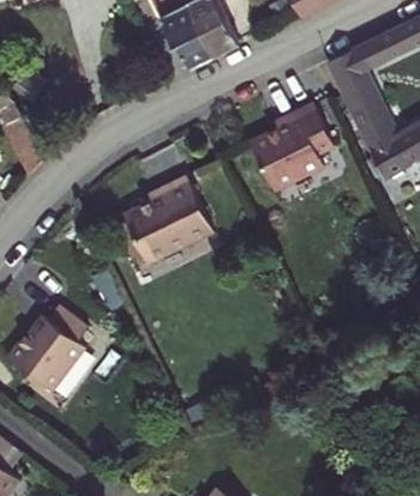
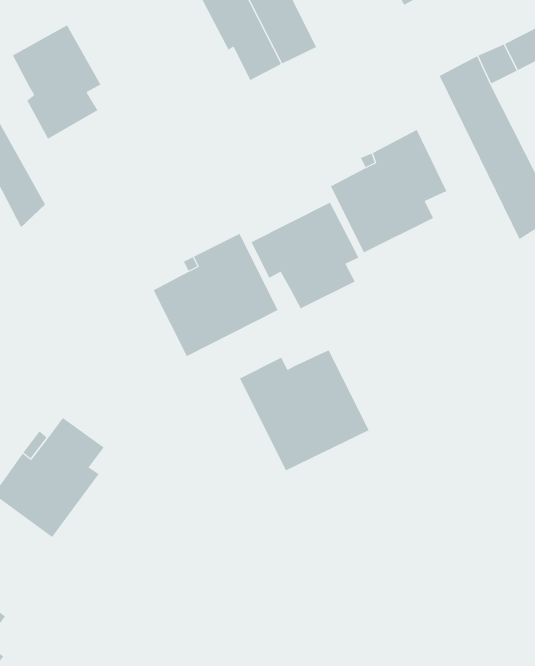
building: none -> [12,24,101,140]
building: none -> [251,202,359,309]
building: none -> [239,349,369,471]

